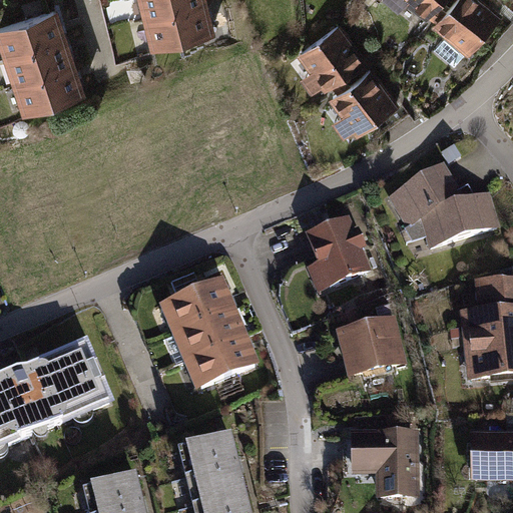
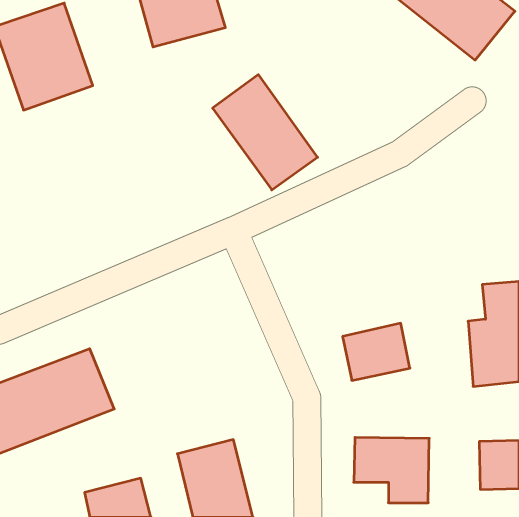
building: [296,16,399,129] -> [213,75,318,190]
building: [390,168,494,240] -> none
building: [304,212,376,293] -> none
building: [159,280,259,390] -> none

